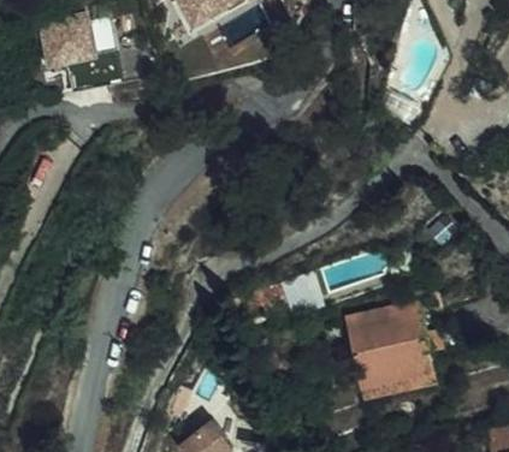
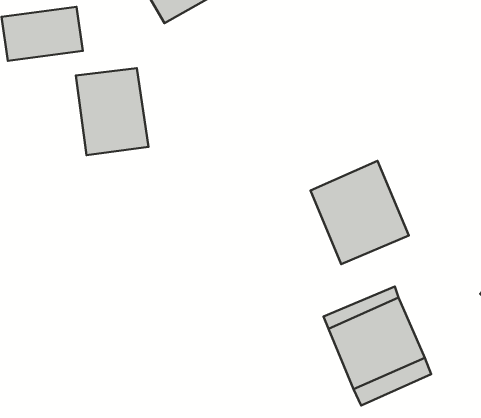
building: none -> [76,68,148,155]
building: none -> [311,161,409,264]

